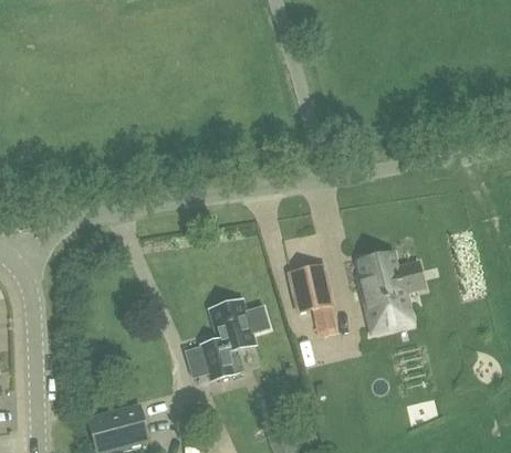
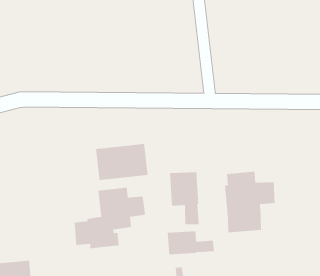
building: none -> [95,143,148,181]
building: none -> [167,230,214,255]

